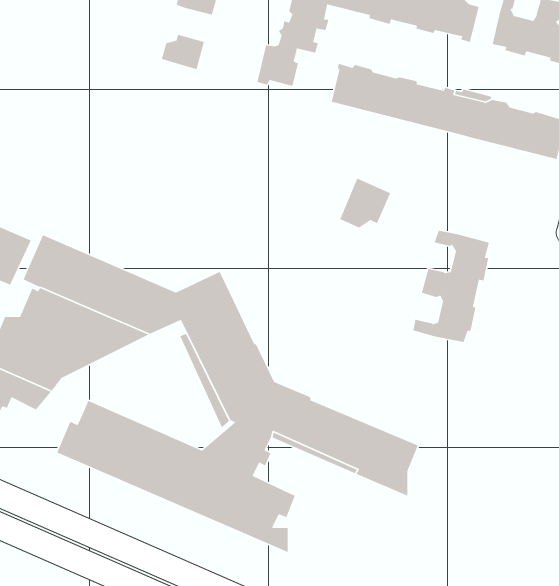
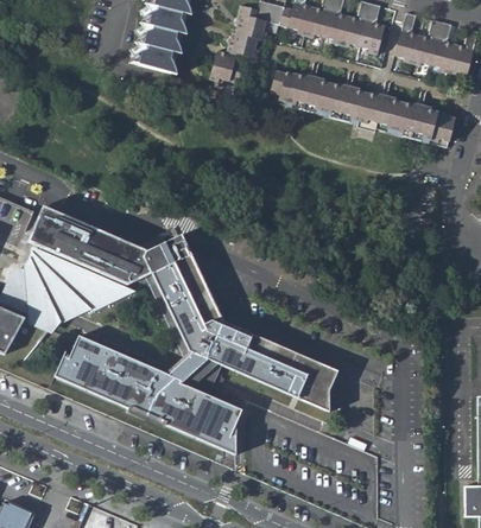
building: none -> [143,27,177,53]
building: [339,177,391,228] -> none
building: [412,230,490,343] -> none

